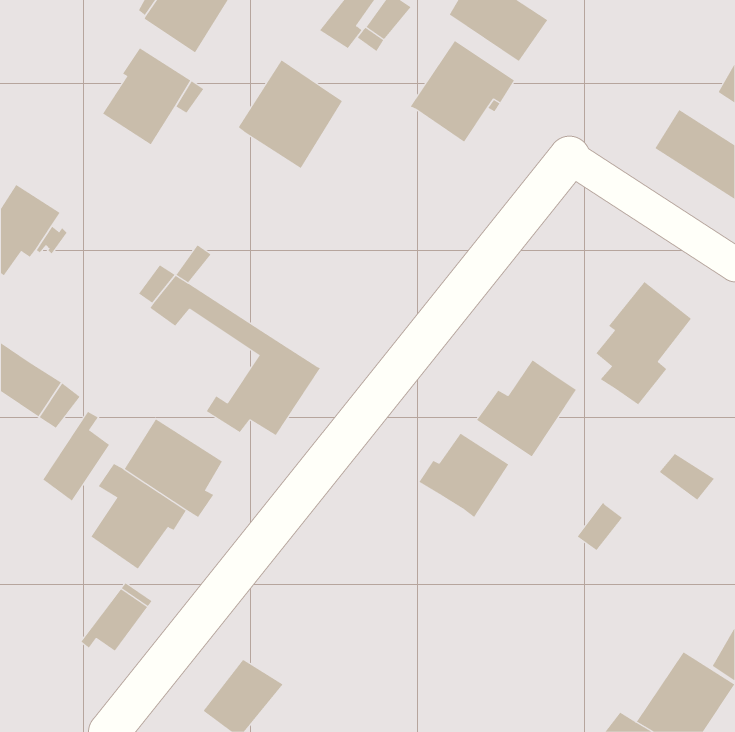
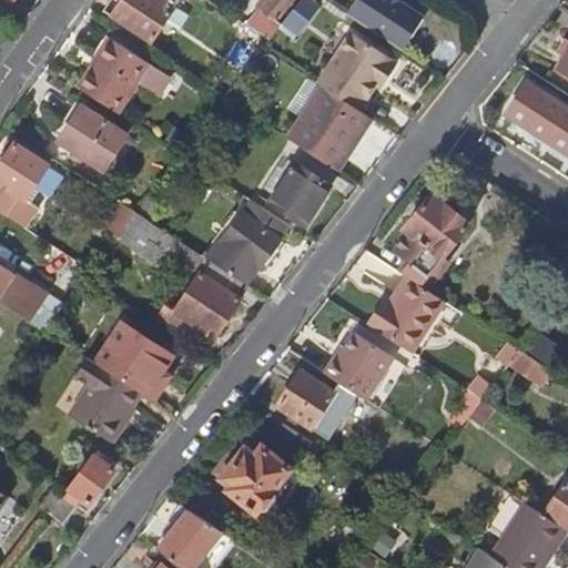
building: [238,60,343,169] -> [287,84,368,169]
building: none -> [55,104,124,170]
building: none -> [271,162,331,225]
building: none -> [202,196,285,283]
building: [595,281,692,405] -> [395,194,469,290]
building: [43,411,110,501] -> none
building: none -> [276,371,357,438]
building: none -> [217,418,307,510]

